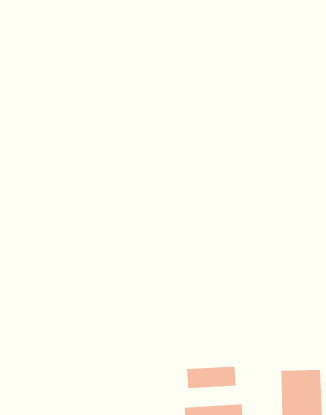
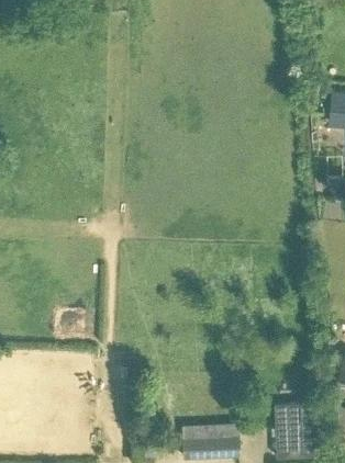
building: [187,366,236,389] -> none

